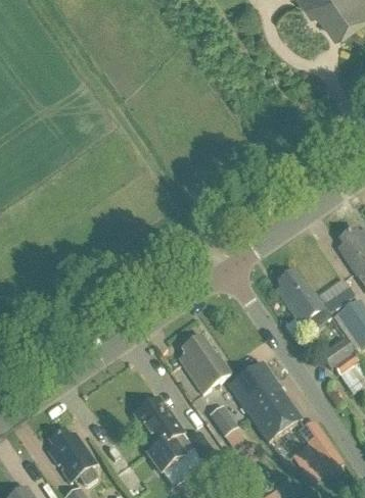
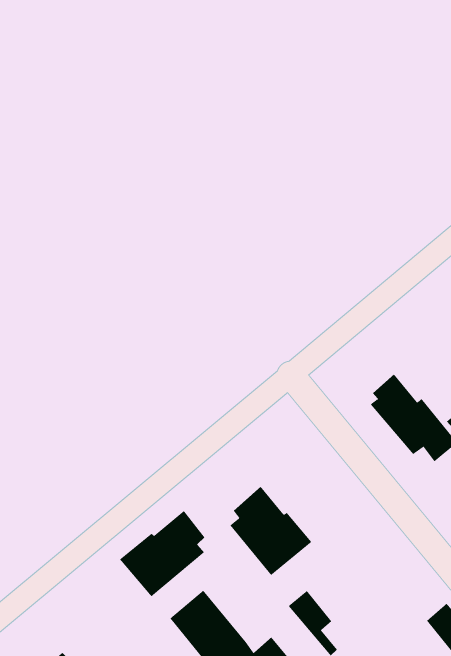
building: none -> [119,510,205,597]
building: [229,362,302,442] -> none

